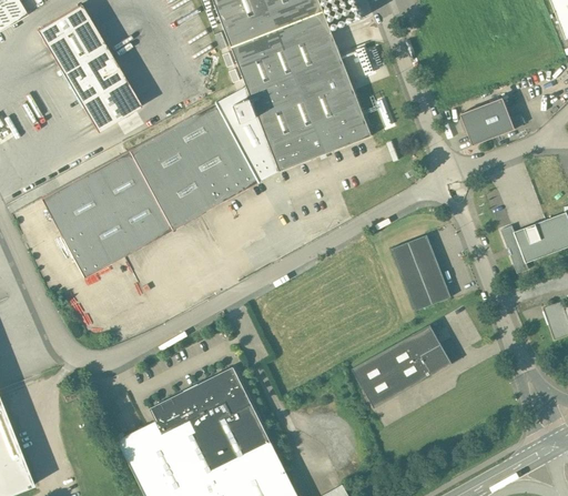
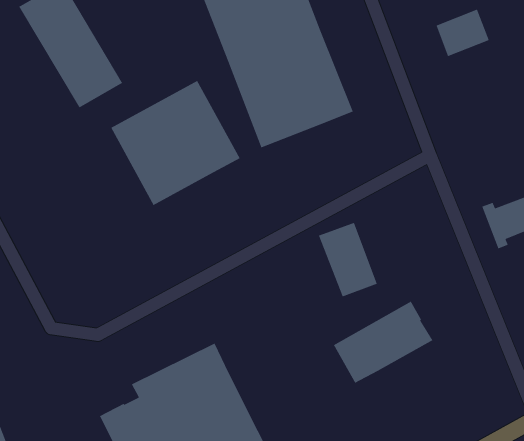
building: [216,85,280,182] -> none
building: [460,97,515,145] -> [435,8,490,57]
building: [40,151,172,277] -> none
building: [390,235,450,311] -> [318,222,378,297]

